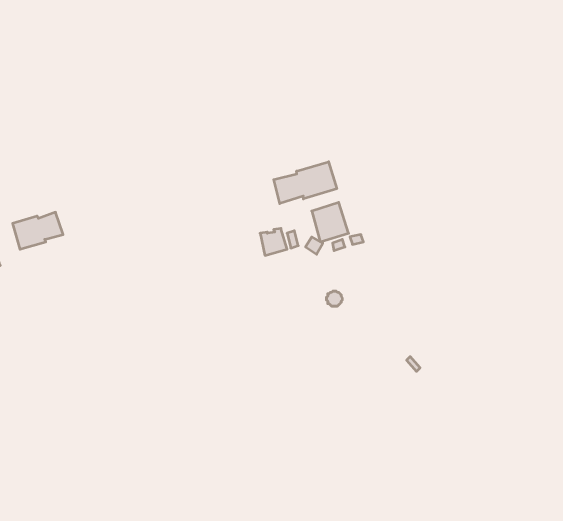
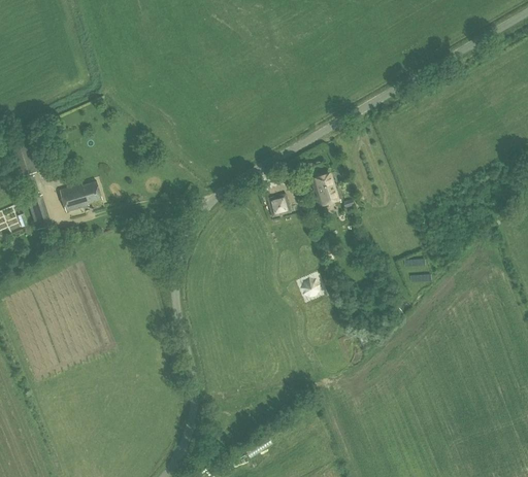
building: [274,162,337,204] -> none

